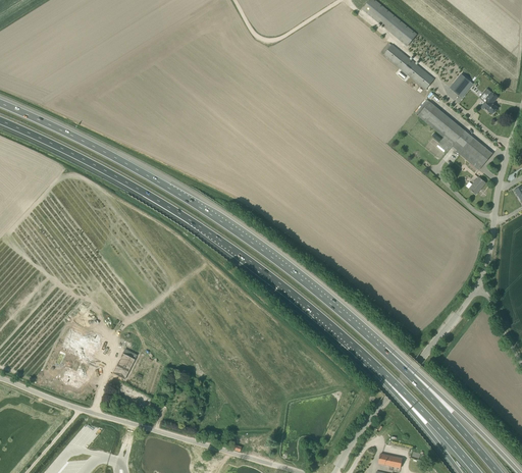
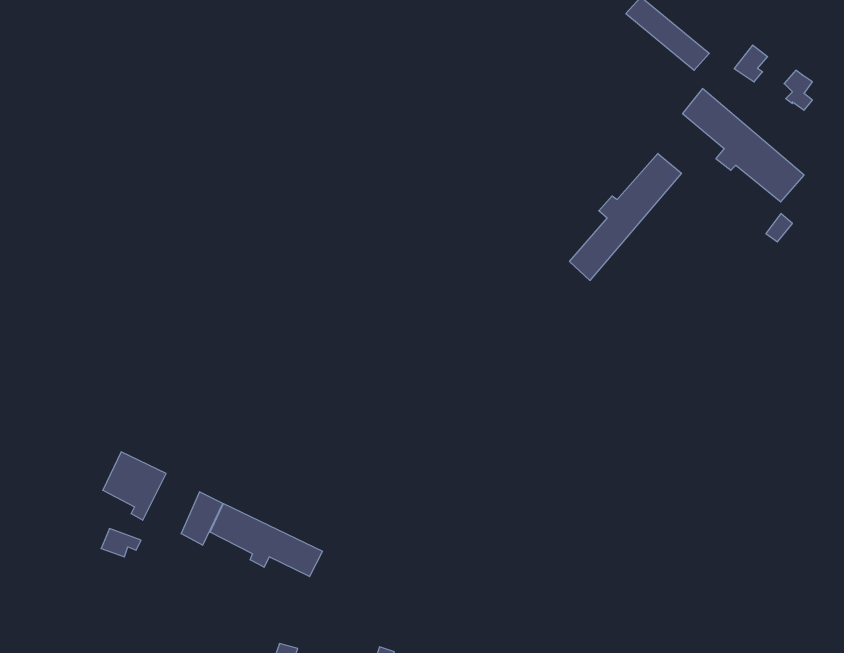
building: none -> [570,153,681,280]
building: none -> [210,504,322,577]

